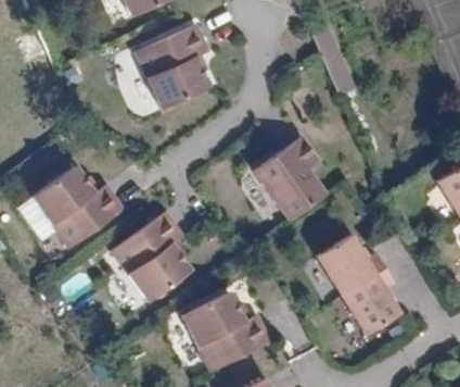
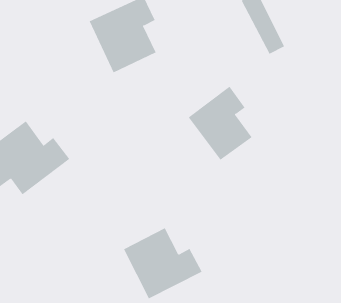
building: [108,215,189,305] -> none
building: [314,230,396,329] -> none

